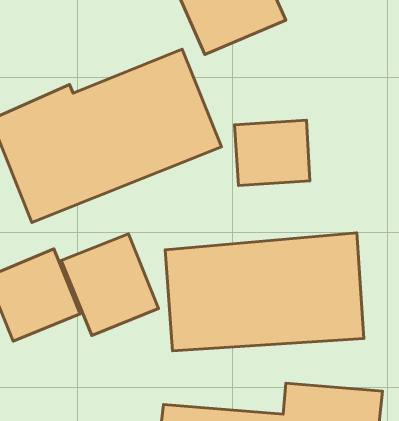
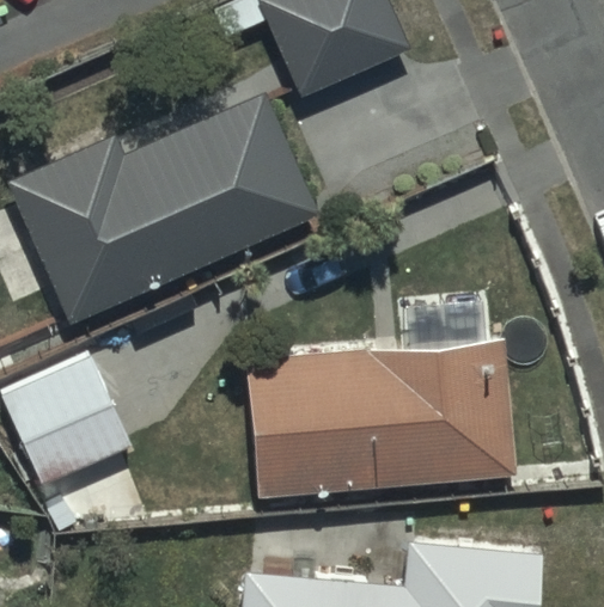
building: [234,120,310,185] -> none
building: [61,234,159,336] -> none

